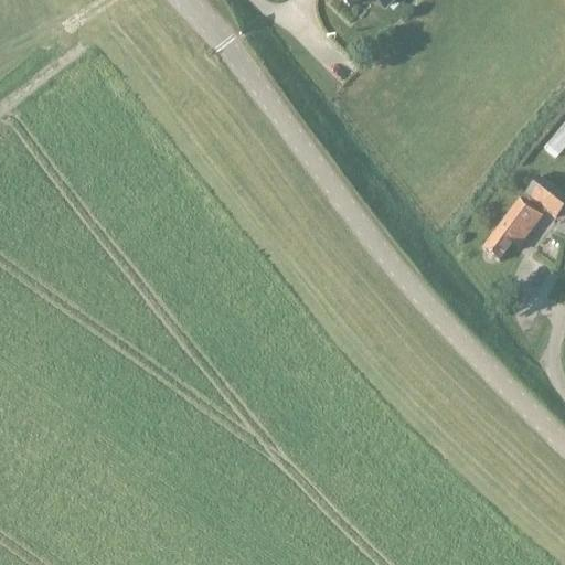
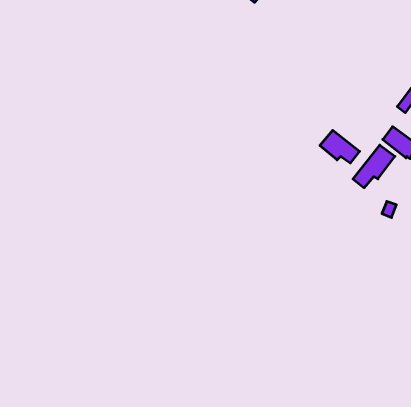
building: none -> [320,130,360,163]

